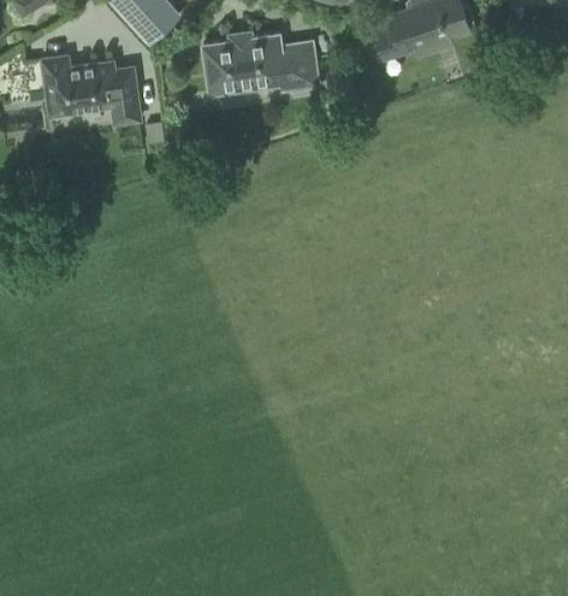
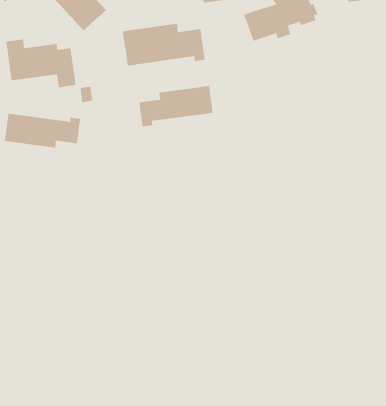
building: none -> [139,85,213,127]
building: none -> [4,113,81,148]

